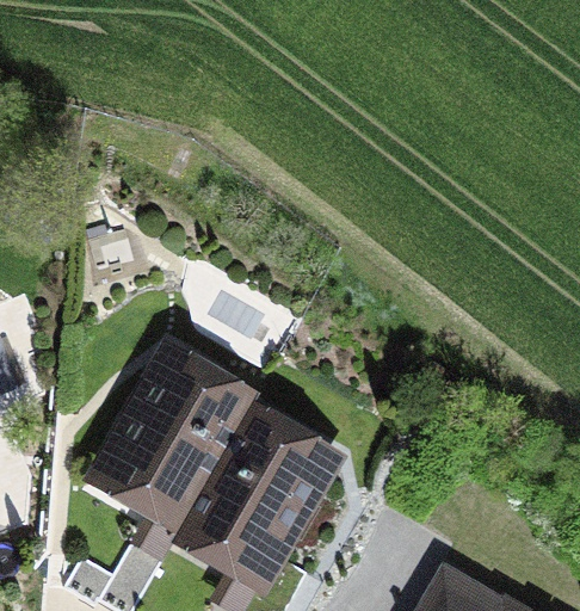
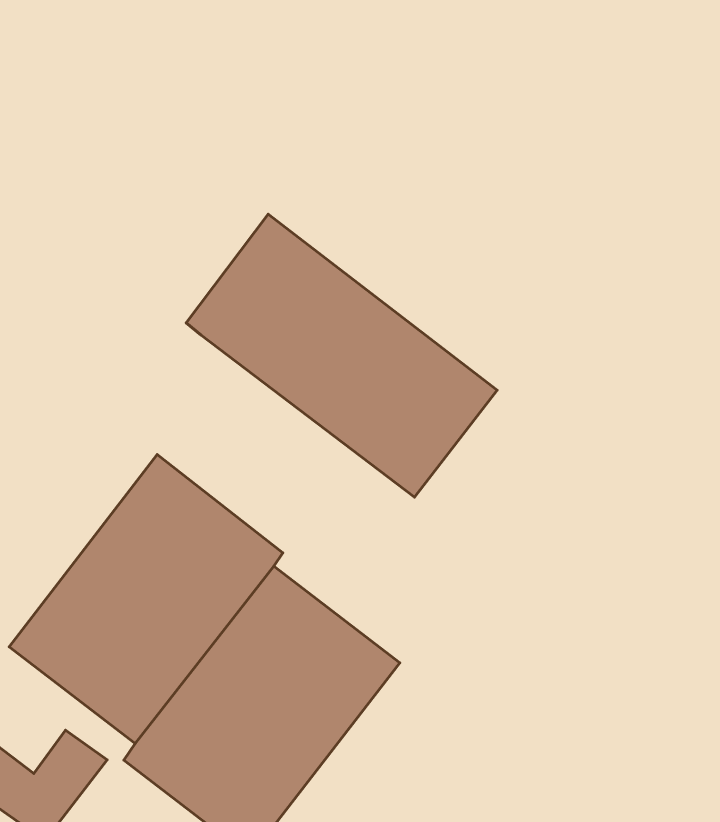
building: none -> [186,214,497,497]

